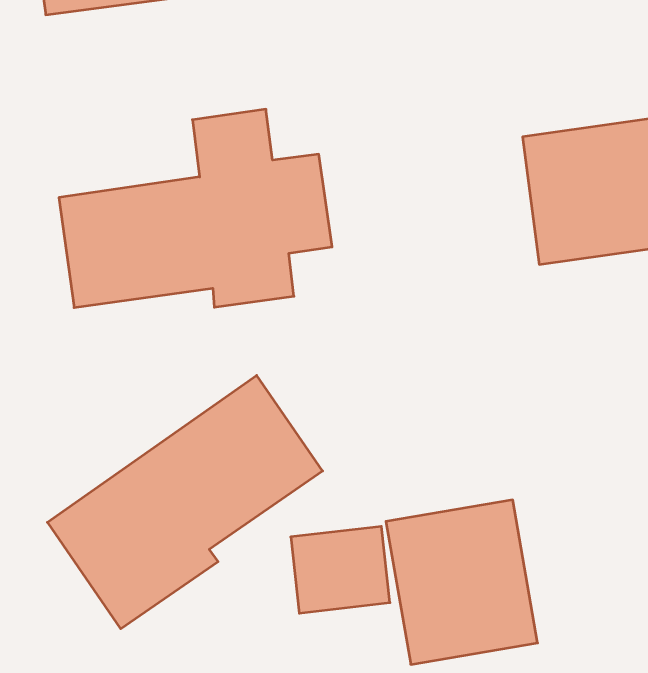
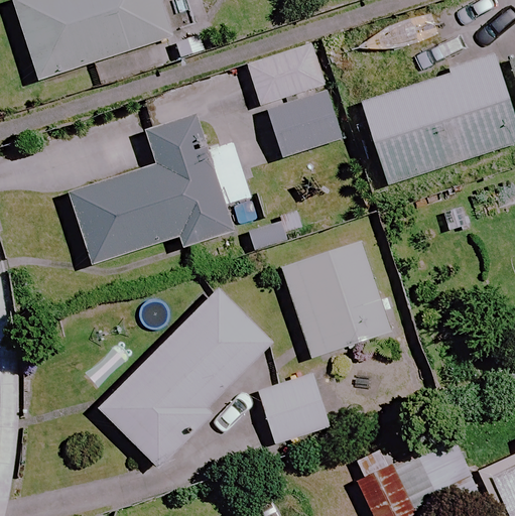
building: none -> [250,41,342,157]
building: [386,500,538,664] -> [280,240,392,358]

